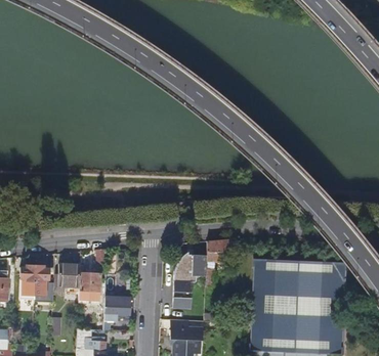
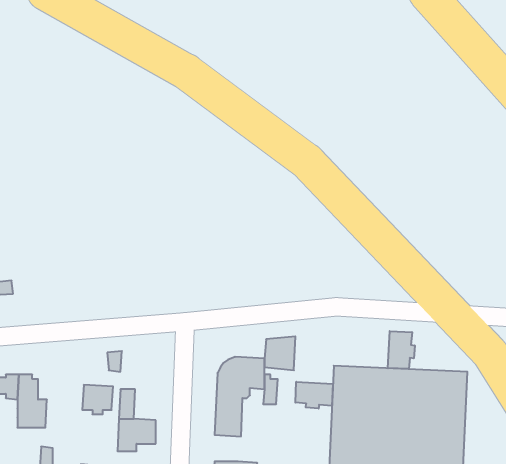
building: none -> [388,331,415,369]
building: [55,264,80,292] -> none
building: none -> [295,382,333,409]

